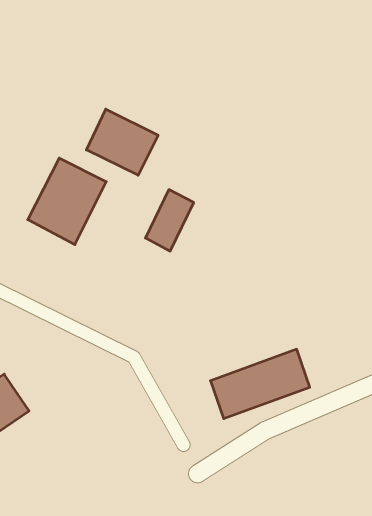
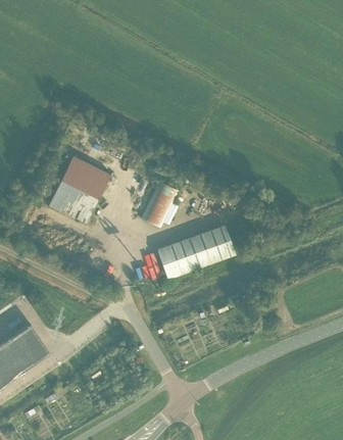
building: [86,109,158,175] -> none
building: [210,349,310,419] -> [157,225,235,279]

